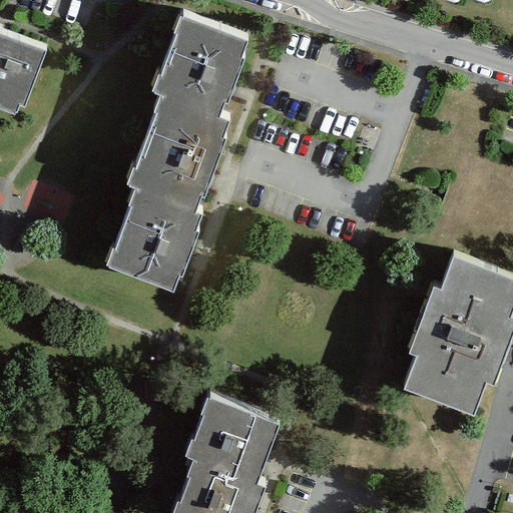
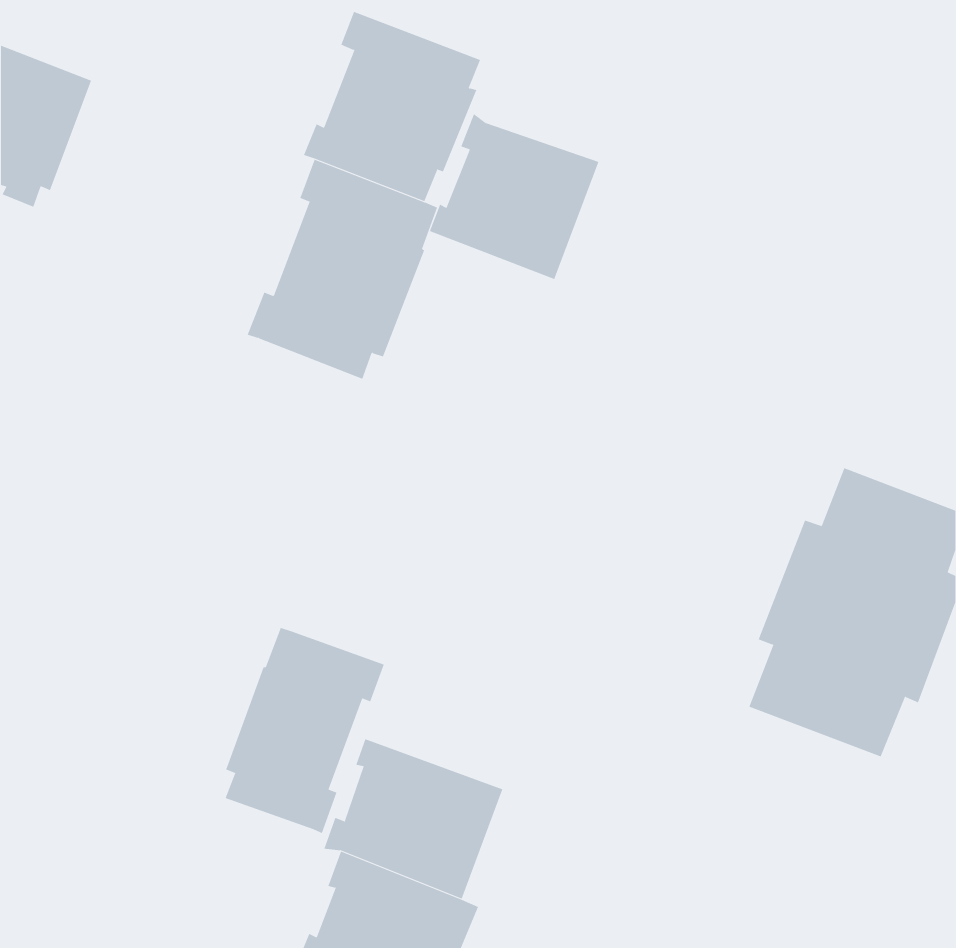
building: none -> [429,113,599,280]
building: [104,185,198,294] -> none
building: none -> [225,627,384,834]

